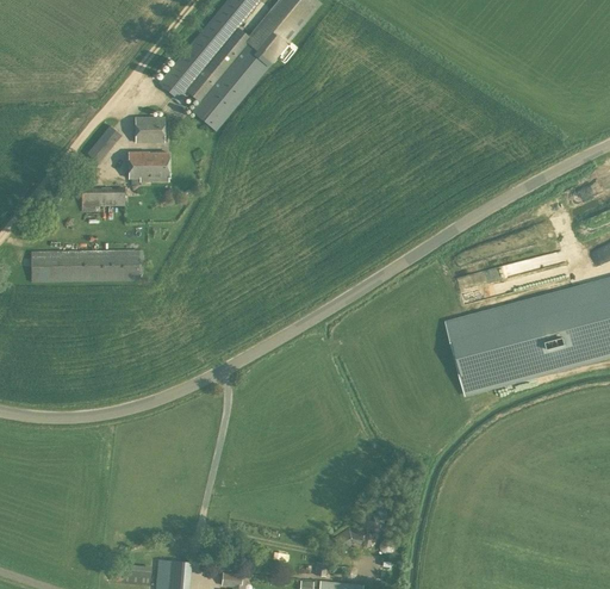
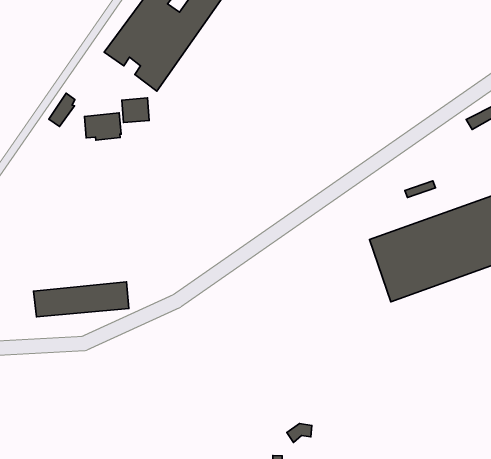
building: [135,117,164,143] -> [122,98,149,123]
building: [81,188,125,211] -> none
building: [30,249,138,281] -> [34,282,129,317]

